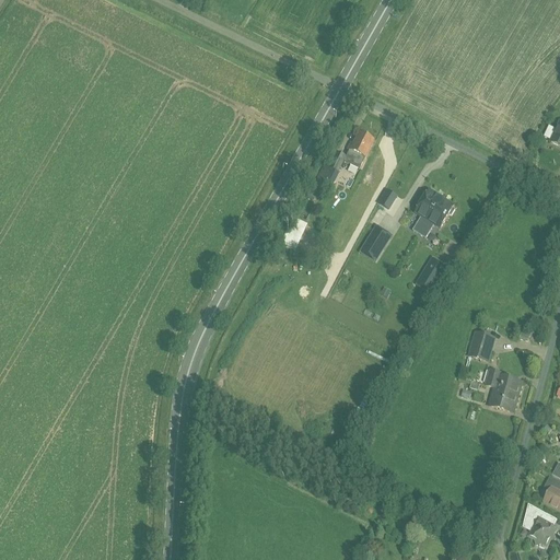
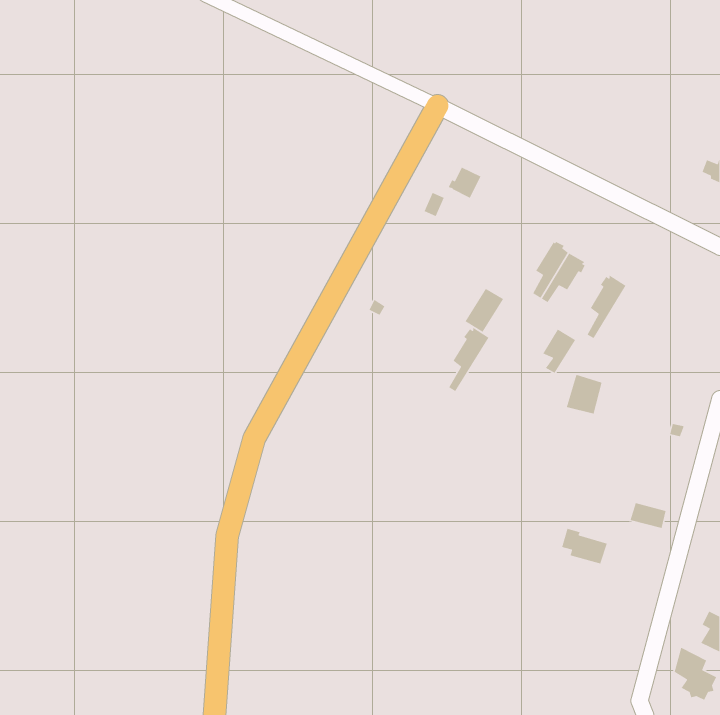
building: none -> [586,274,627,339]
building: none -> [448,327,490,392]
building: [467,328,495,360] -> [566,374,603,415]
building: [486,368,522,396] -> [561,528,608,564]

